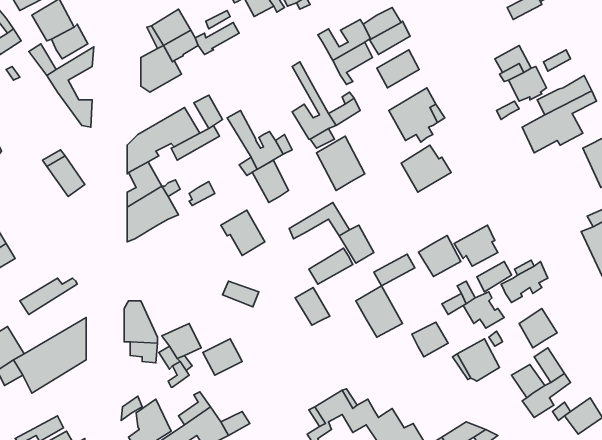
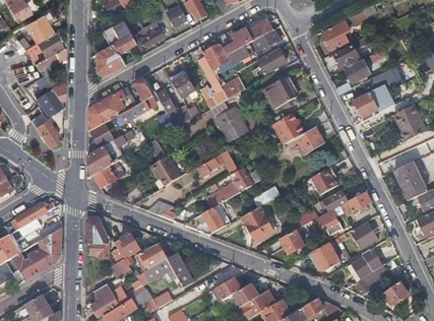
building: none -> [321,20,350,51]
building: none -> [202,44,232,75]
building: none -> [35,77,62,116]
building: [252,160,288,203] -> [170,70,194,99]
building: none -> [94,163,123,189]
building: [418,236,461,276] -> [296,126,324,153]
building: none -> [143,252,191,285]

